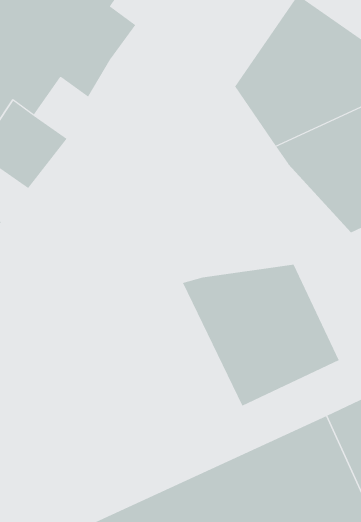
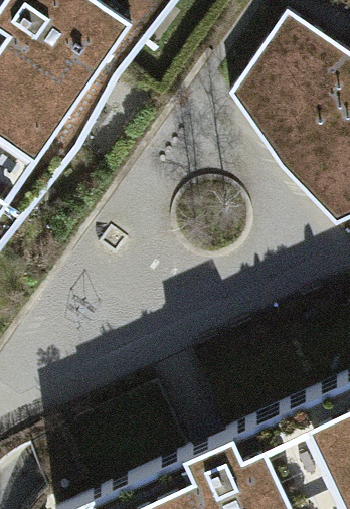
building: [182,264,339,406] -> none

